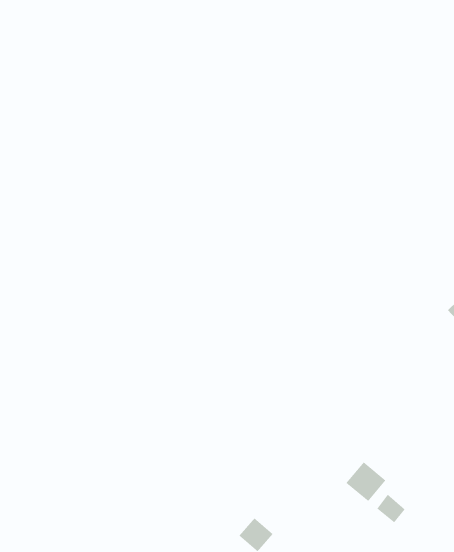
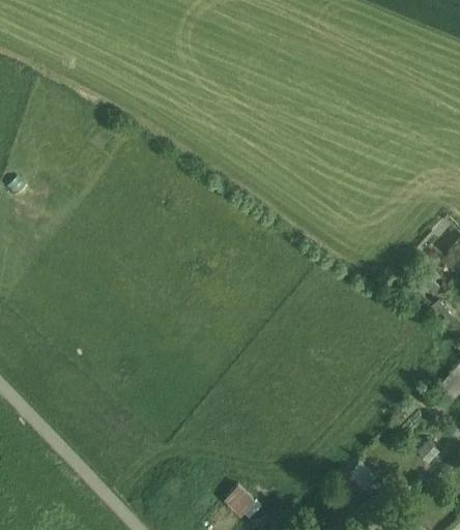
building: [346,461,386,502] -> none

